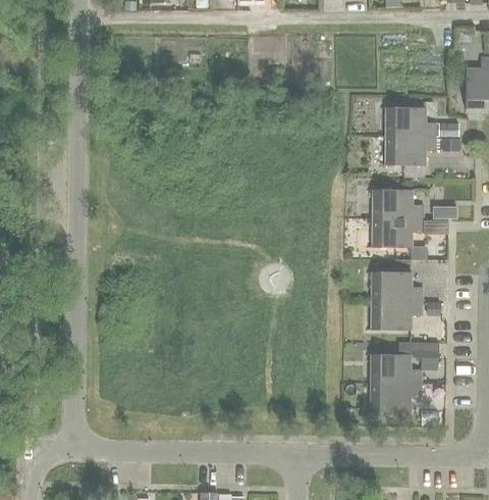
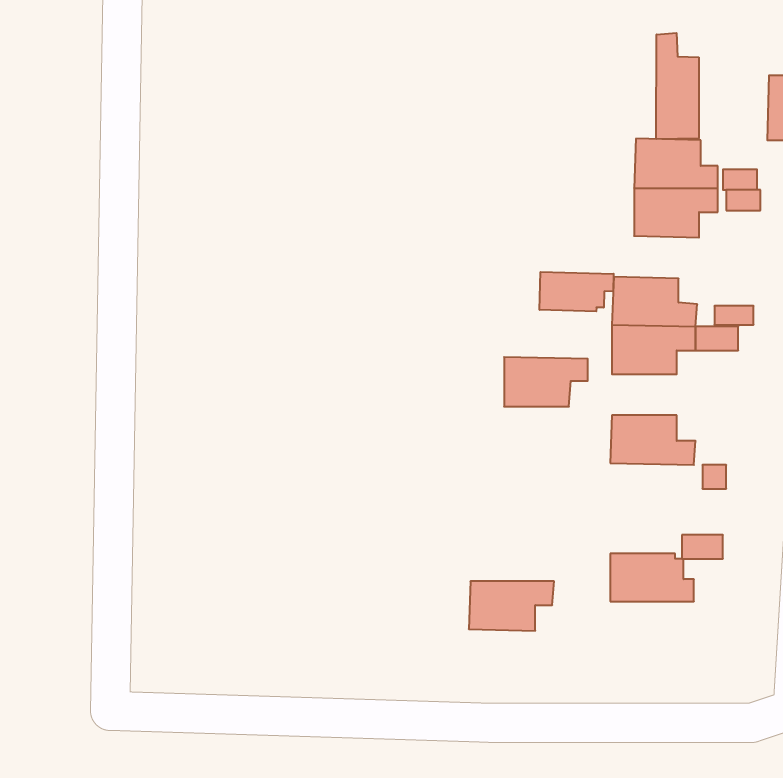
building: none -> [656,33,699,139]
building: none -> [540,272,614,311]
building: [371,300,421,330] -> [504,357,588,407]
building: [370,383,421,412] -> [469,581,554,631]

